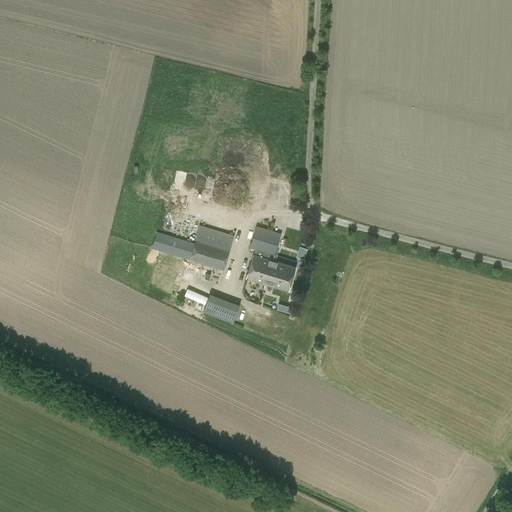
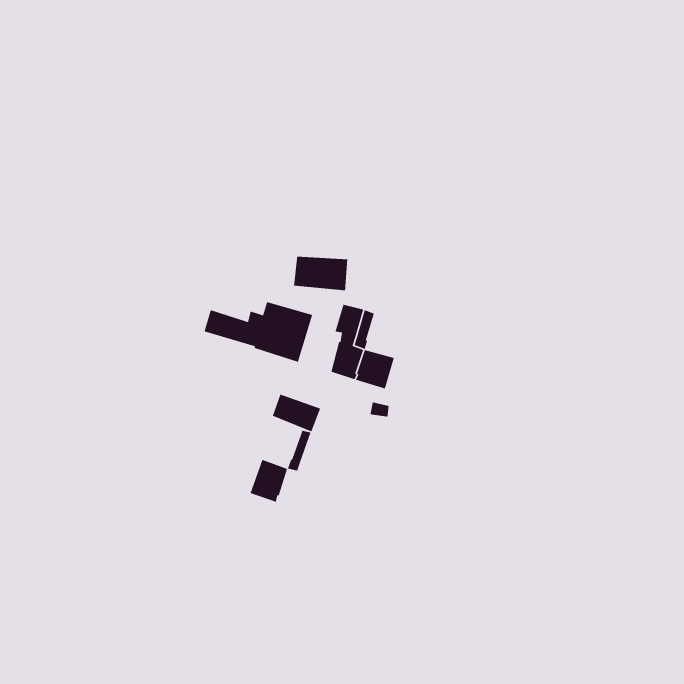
building: none -> [293,256,348,291]
building: none -> [249,430,312,503]

